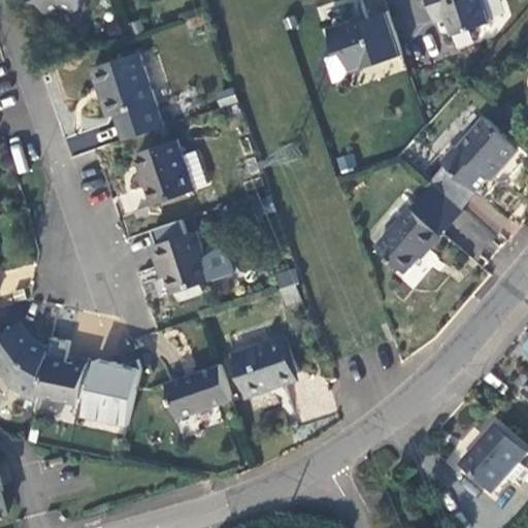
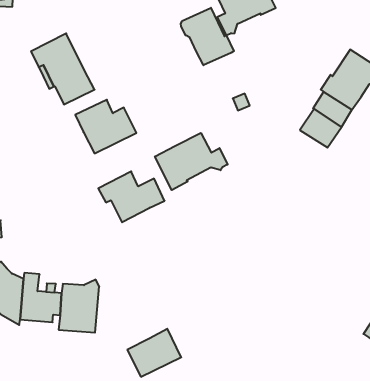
building: none -> [181,8,234,65]
building: none -> [155,133,228,190]
building: [375,208,441,274] -> none
building: [232,336,298,397] -> none
building: [165,365,230,420] -> [127,329,181,377]

